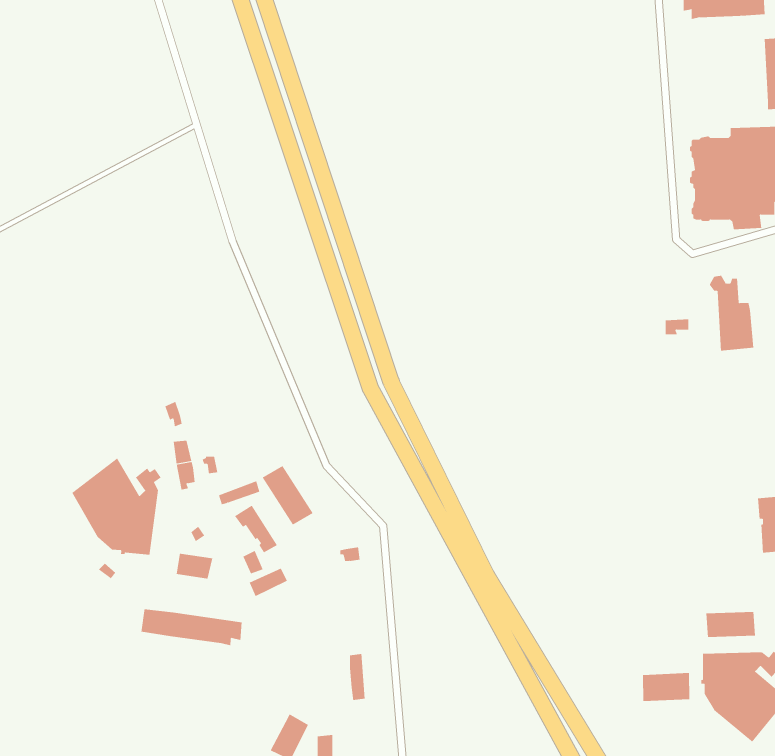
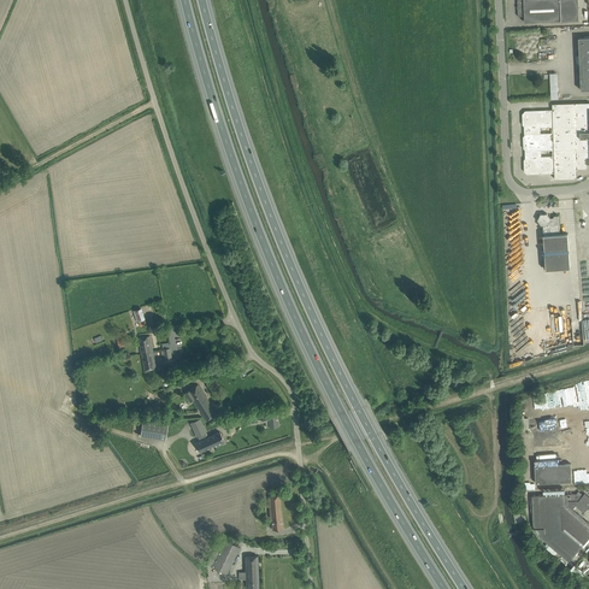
building: [71,457,161,556] -> none
building: [262,465,313,525] -> none
building: [141,608,242,646] -> none
building: [642,672,690,702] -> none

